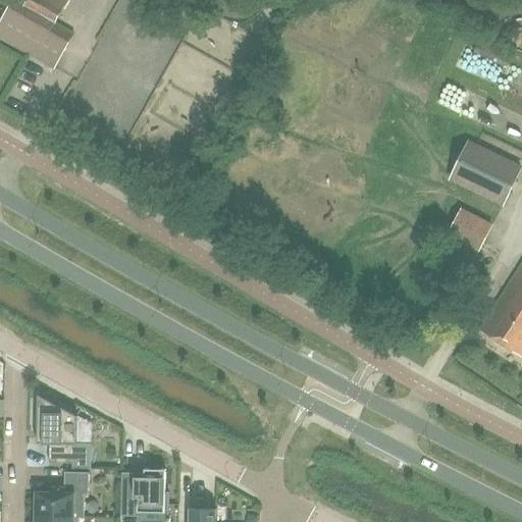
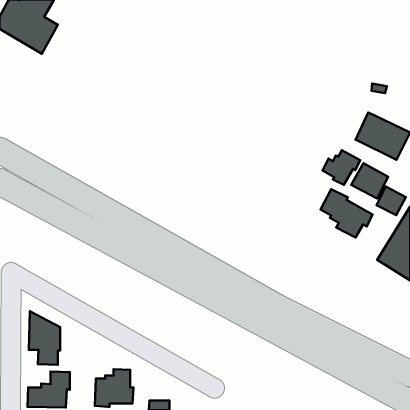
building: none -> [322,150,360,185]
building: none -> [376,186,406,215]
building: none -> [320,189,373,237]

